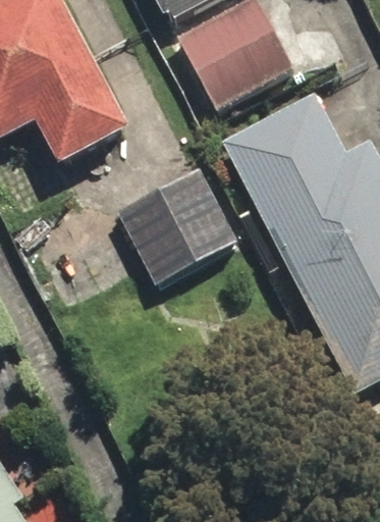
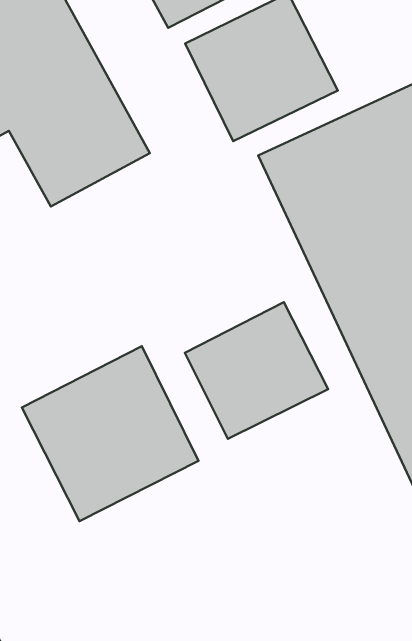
building: [116,178,228,285] -> [185,302,328,439]
building: none -> [22,346,199,521]

